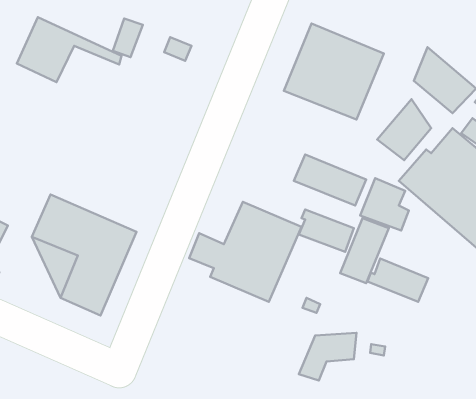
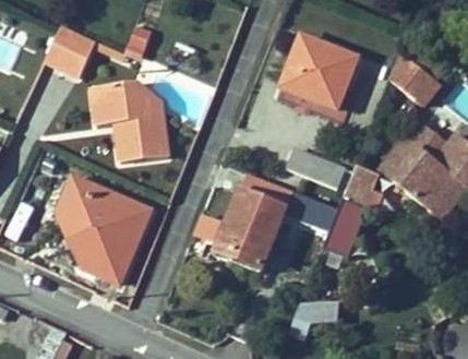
building: none -> [87,81,171,166]
building: [377,99,431,160] -> none
building: [367,259,428,302] -> none

